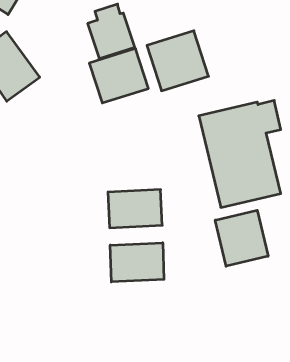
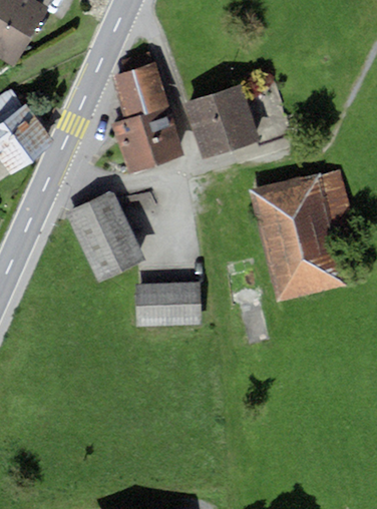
building: none -> [66,190,146,282]
building: [215,210,268,266] -> none
building: [110,243,164,282] -> none

